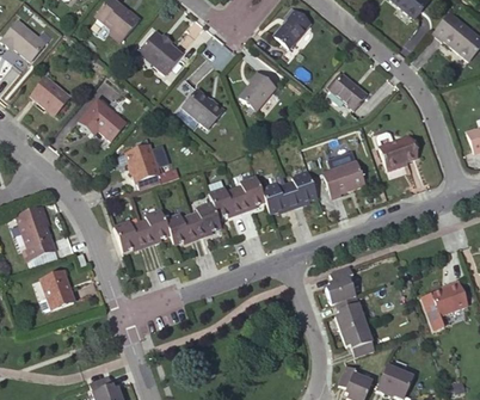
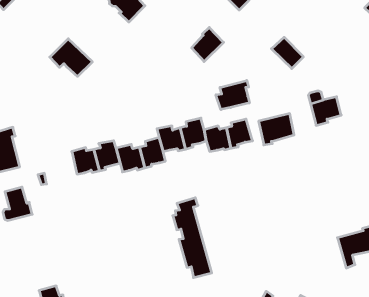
building: [31,76,70,113] -> none
building: [179,78,224,127] -> none
building: none -> [216,80,249,110]
building: [123,142,159,189] -> none
building: [326,266,376,357] -> [173,198,212,278]

